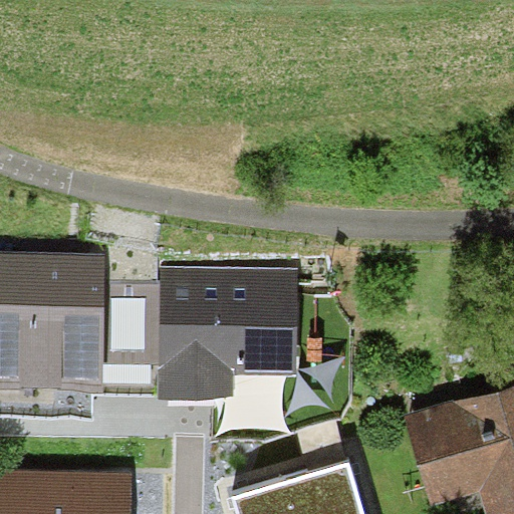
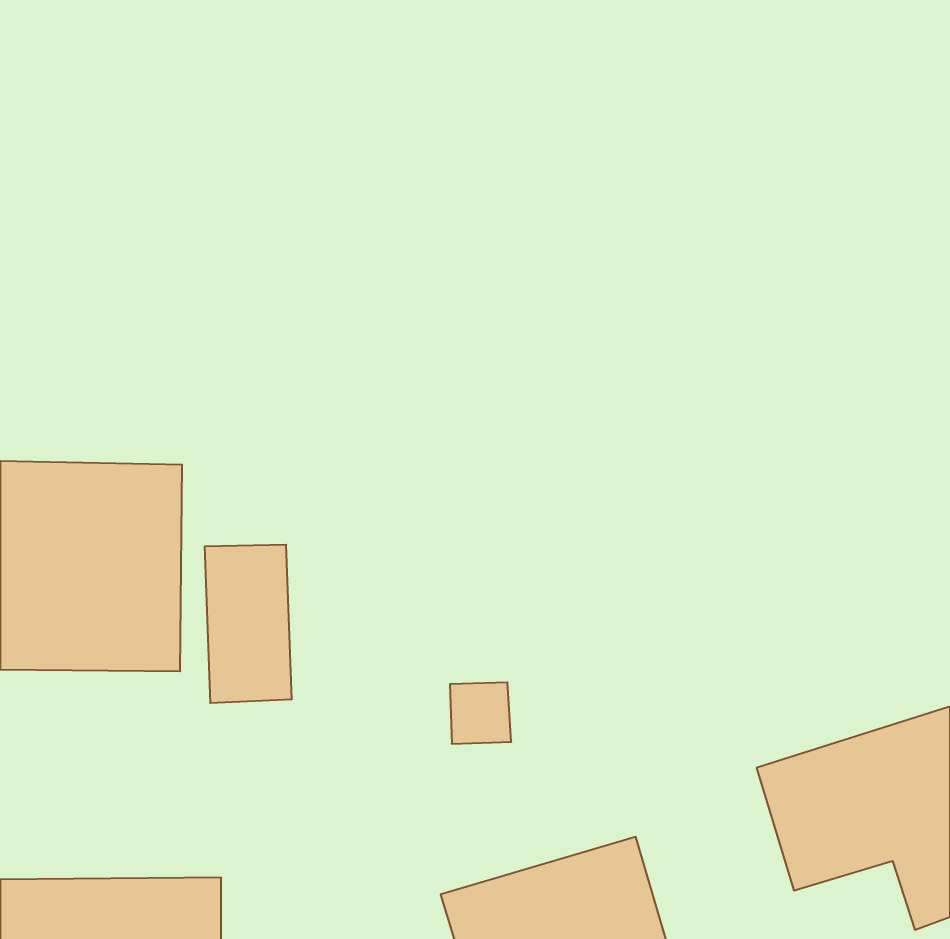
building: [165,264,301,393] -> none

